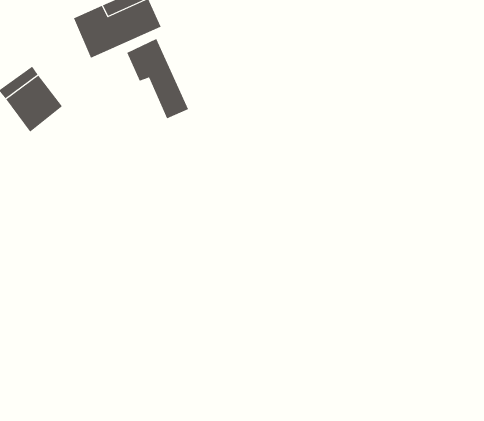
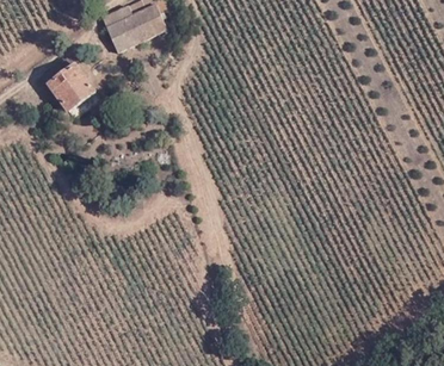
building: [126,38,189,119] -> none

